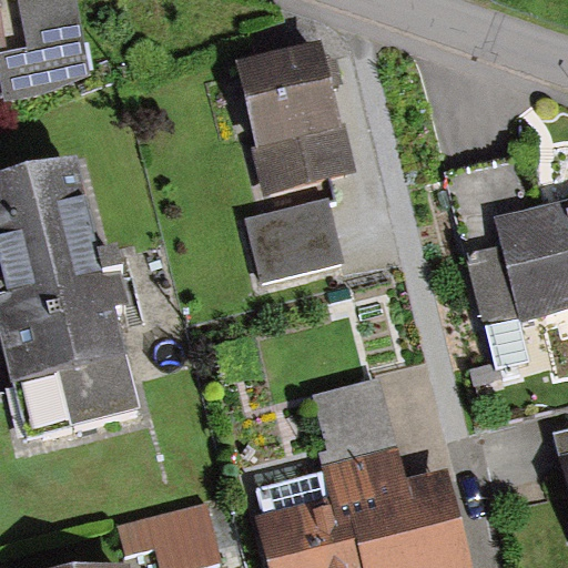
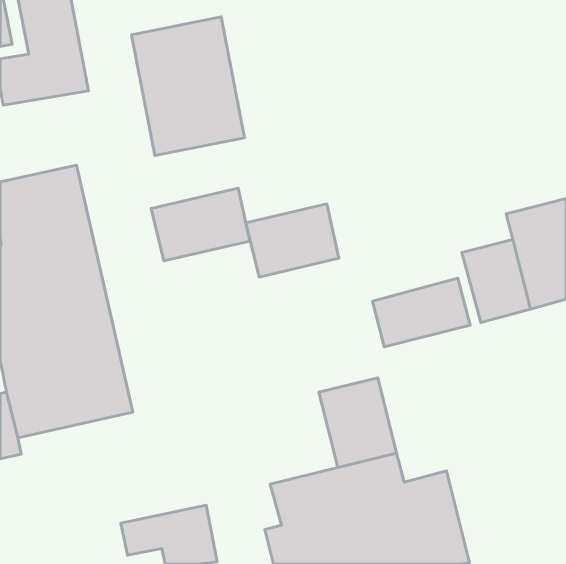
building: [242,50,355,189] -> [132,17,245,155]
building: none -> [151,188,250,261]
building: none -> [372,278,470,347]

